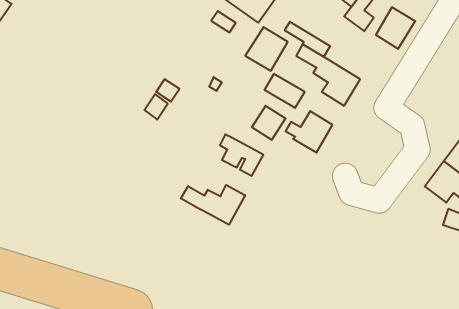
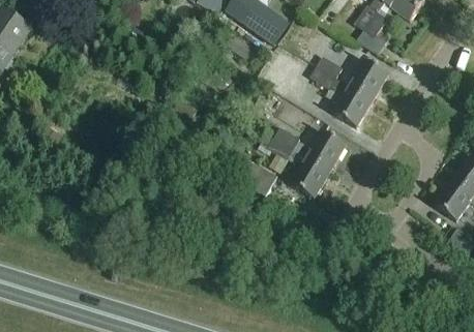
building: [376,7,415,49] -> [350,60,388,100]
building: none -> [291,158,329,199]
building: [181,185,245,225] -> none

